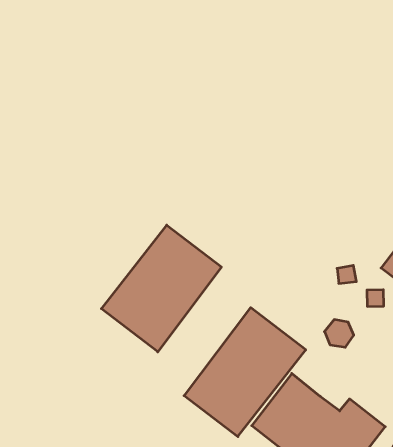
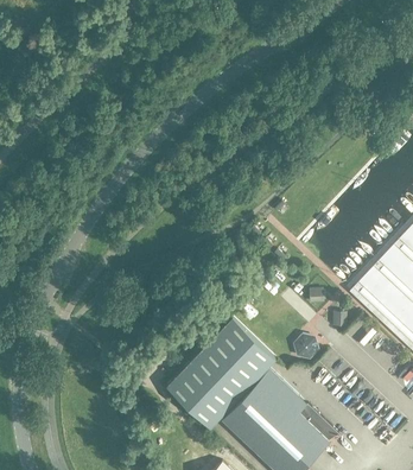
building: [101,225,221,352] -> none

